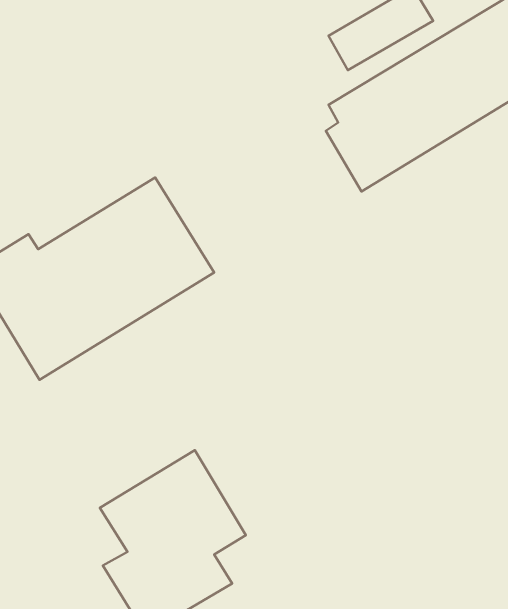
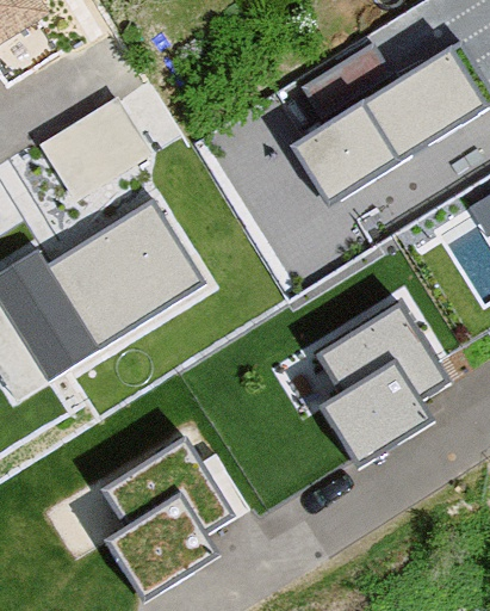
building: none -> [42,80,156,185]
building: none -> [317,302,444,462]

